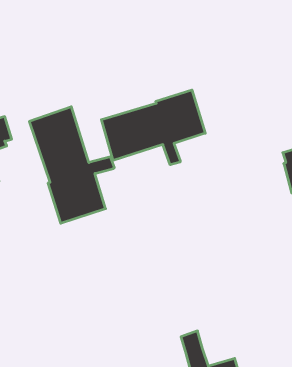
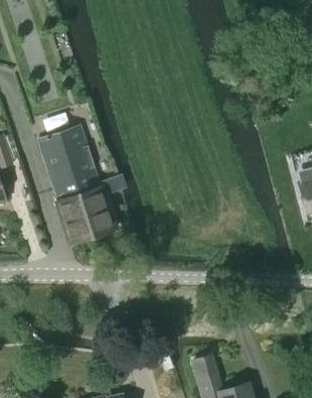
building: [101,90,205,165] -> none

